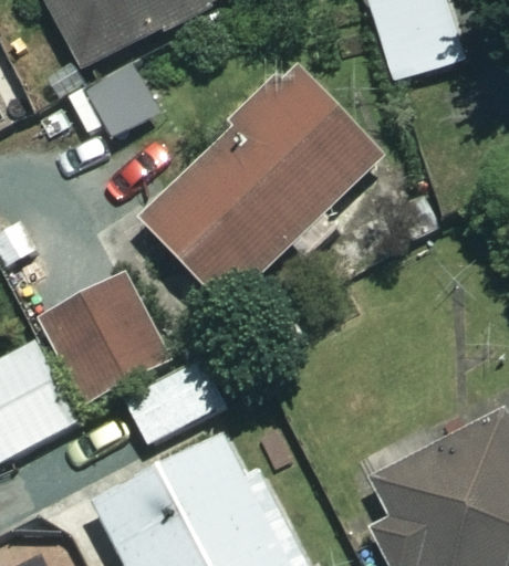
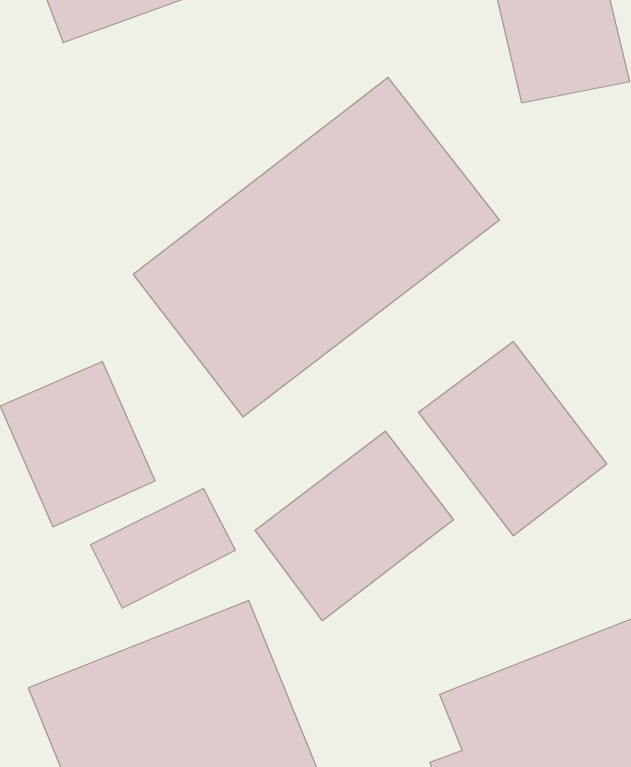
building: none -> [418,341,607,536]
building: none -> [255,431,454,621]

